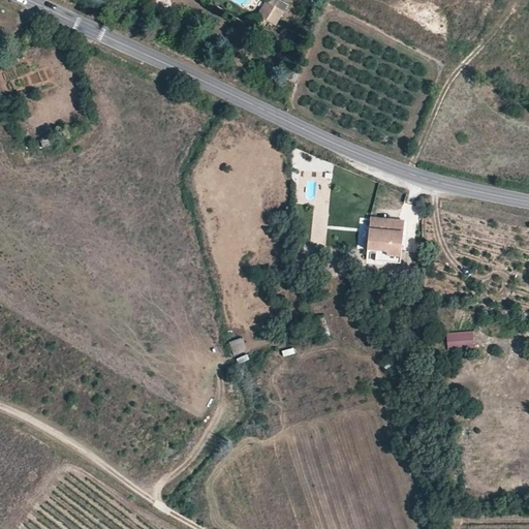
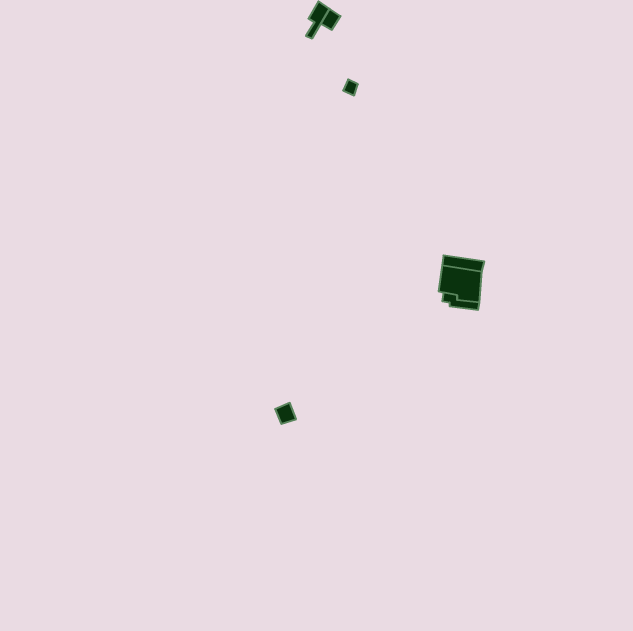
building: [447,330,475,349] -> none

